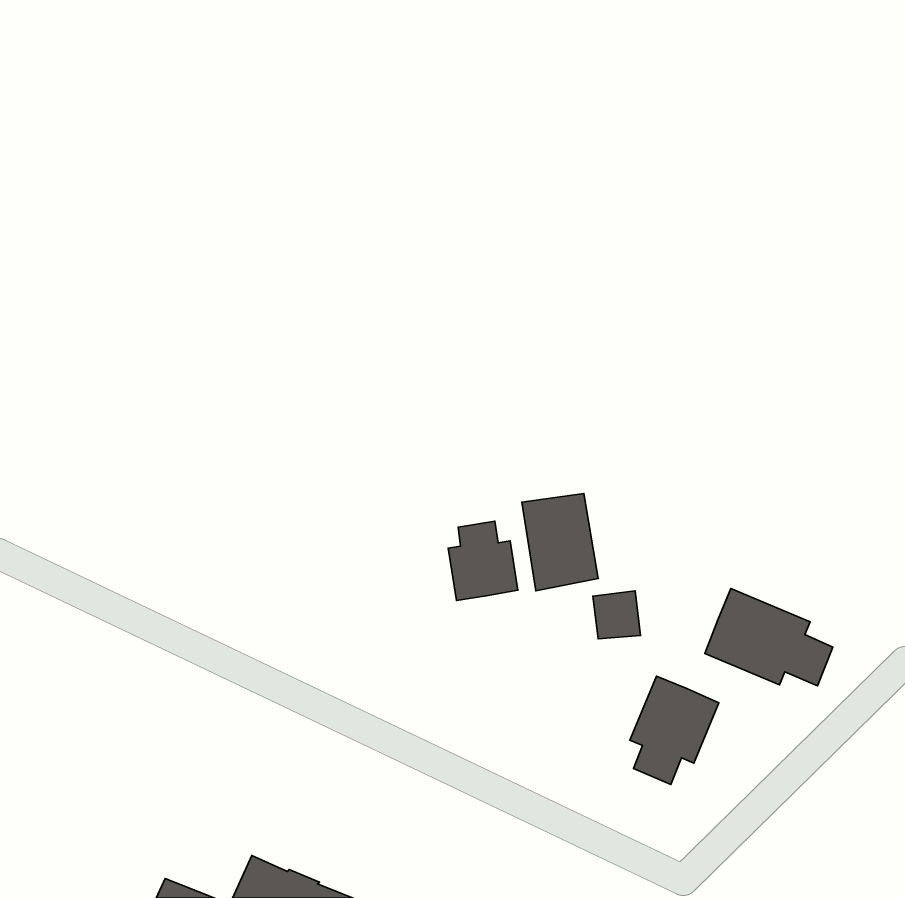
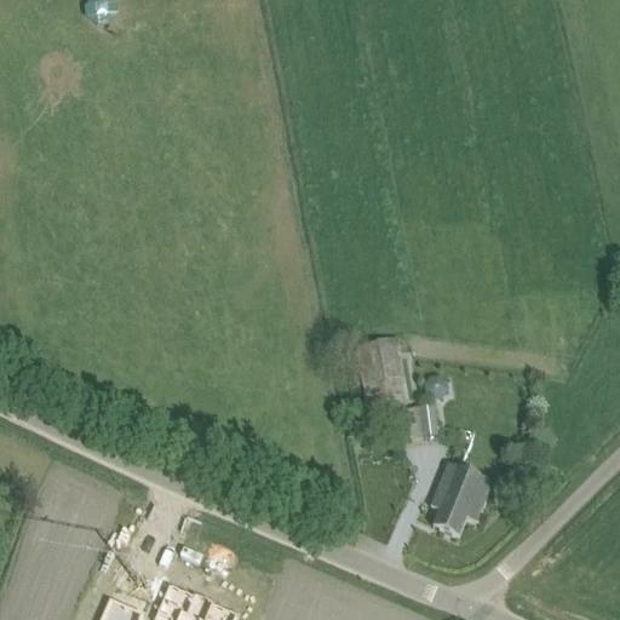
building: [448,521,518,600] -> none
building: [705,589,833,686] -> none

